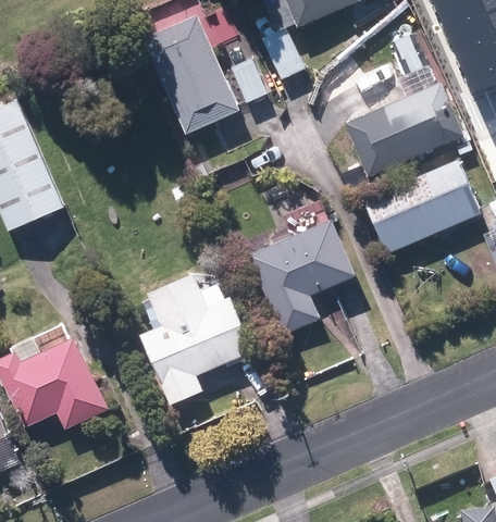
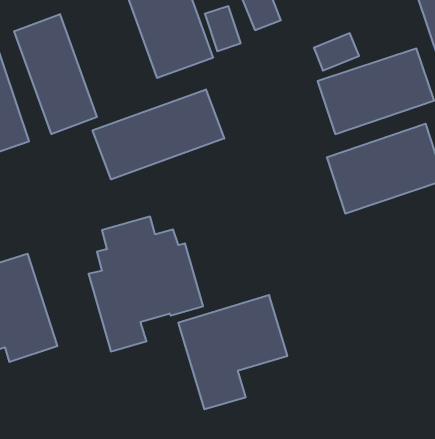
building: none -> [14,14,97,134]
building: none -> [93,89,224,179]
building: [245,218,356,336] -> [178,295,287,409]

